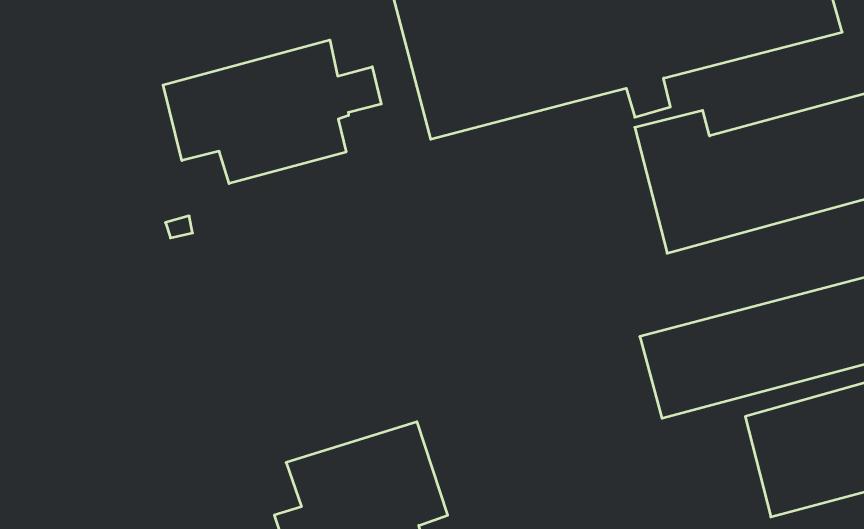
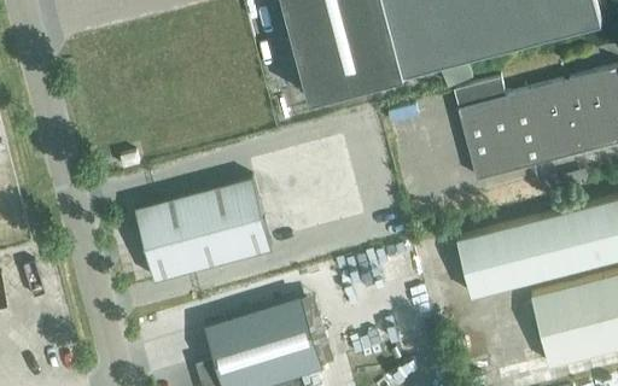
building: [163,40,381,184] -> none
building: none -> [134,181,270,282]

